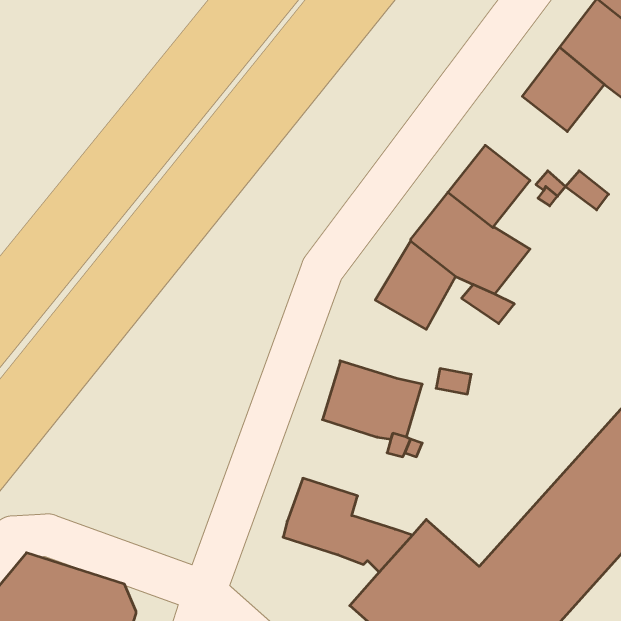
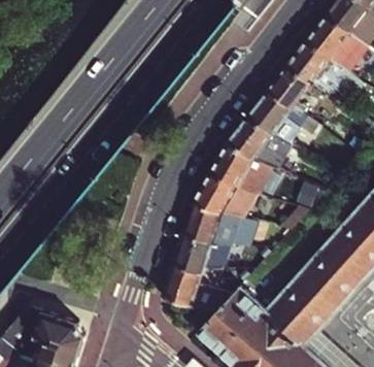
building: none -> [267,66,310,110]
building: none -> [191,173,236,214]
building: none -> [171,236,210,276]

